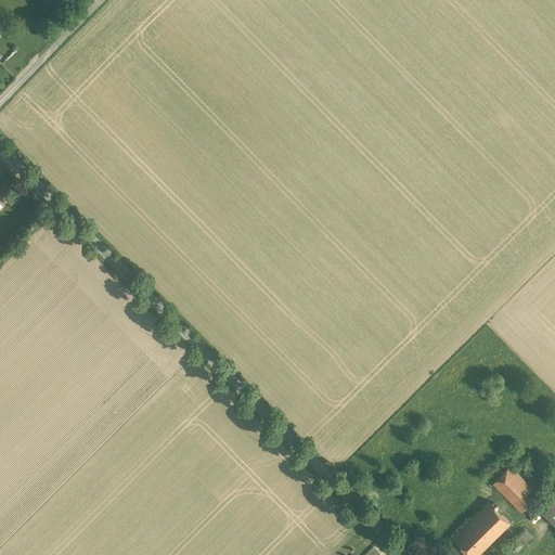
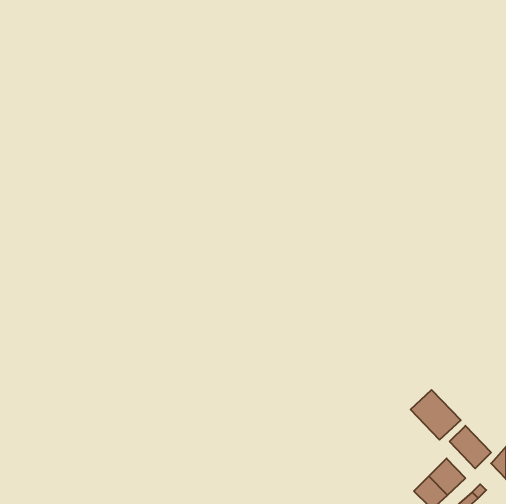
building: none -> [411,390,461,440]

